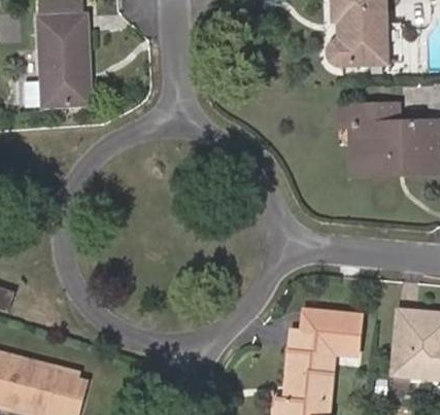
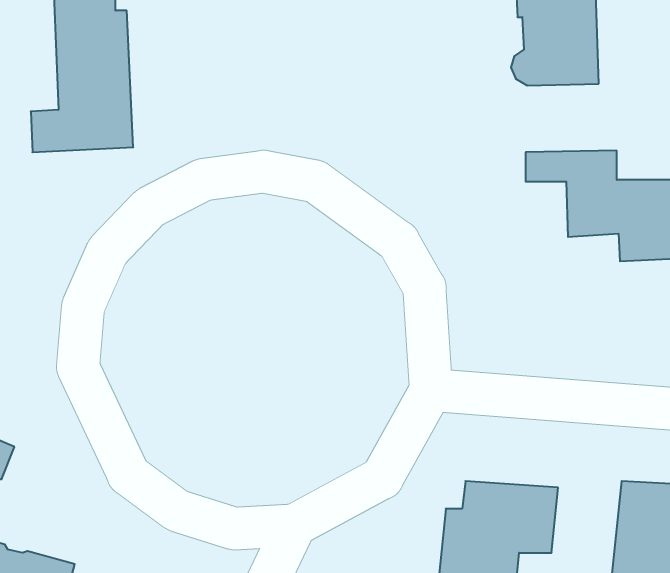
building: [349,124,399,175] -> none

